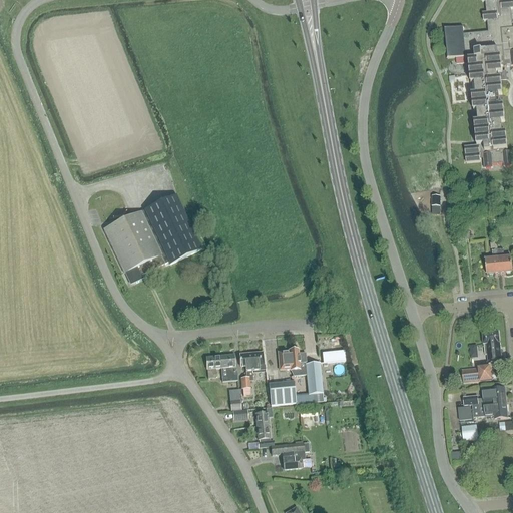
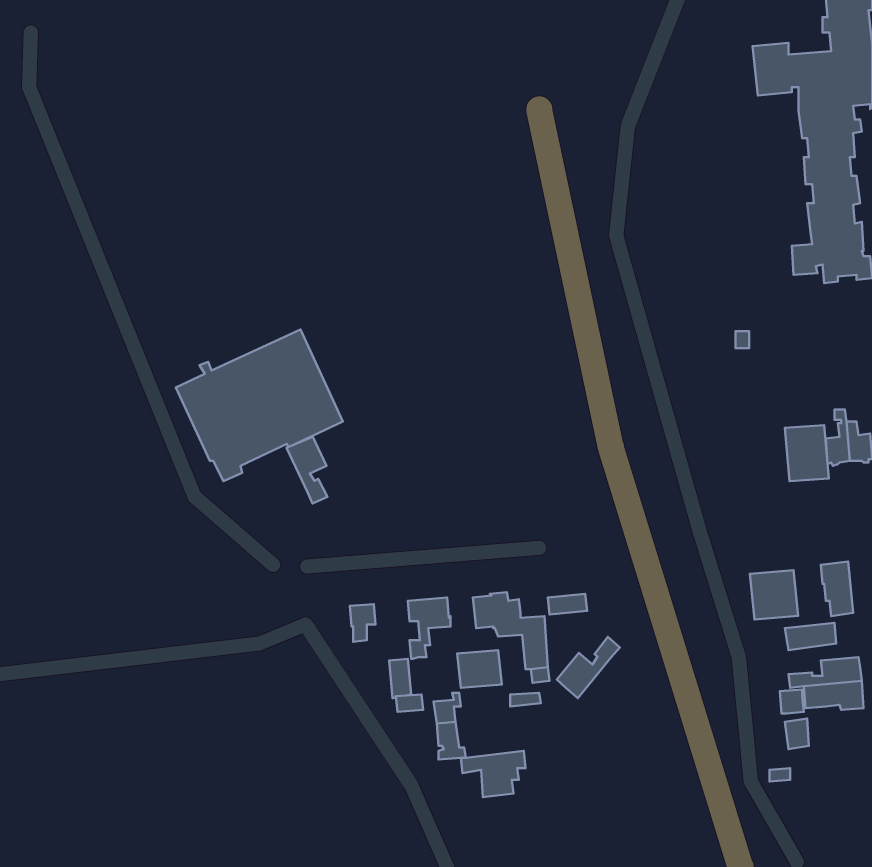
building: none -> [785,425,829,481]
building: none -> [287,437,327,504]
building: none -> [750,570,798,619]
building: [219,353,237,381] -> none
building: none -> [557,637,620,698]

